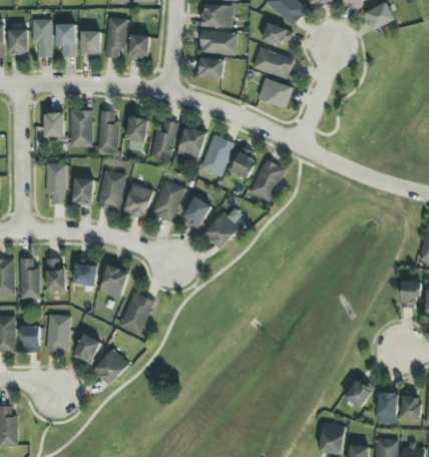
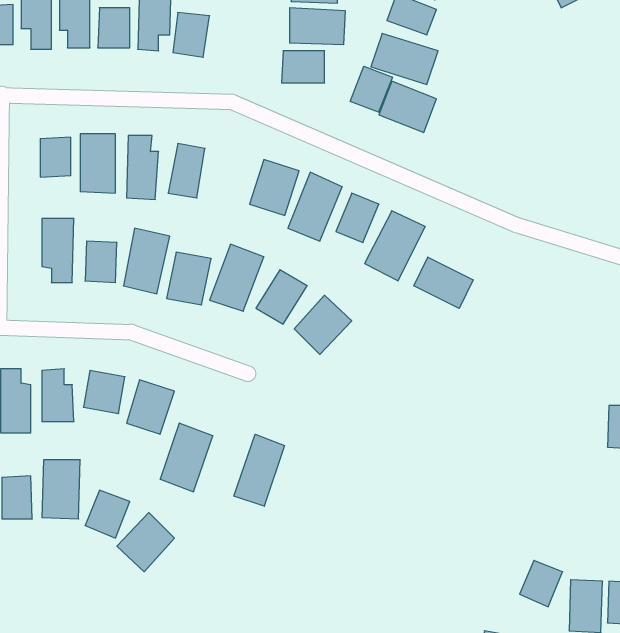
building: none -> [350,66,392,112]
building: [150,120,177,161] -> none
building: none -> [414,257,473,308]
building: none -> [234,434,284,506]

